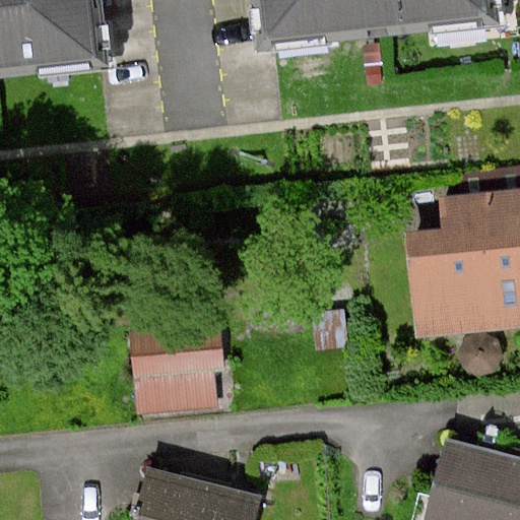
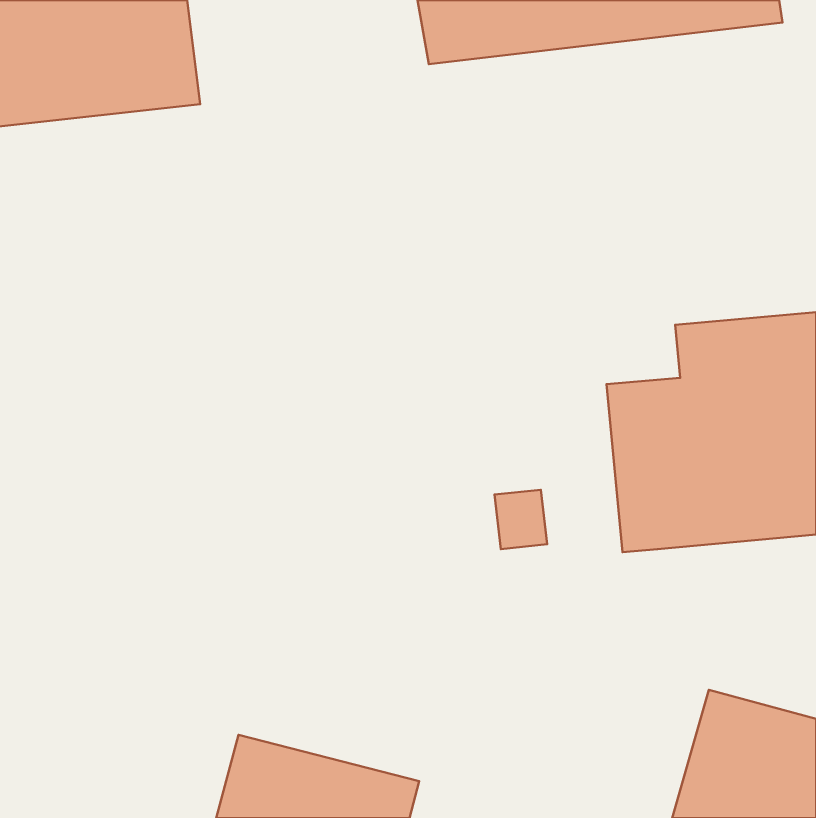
building: [134,325,225,412] -> none

